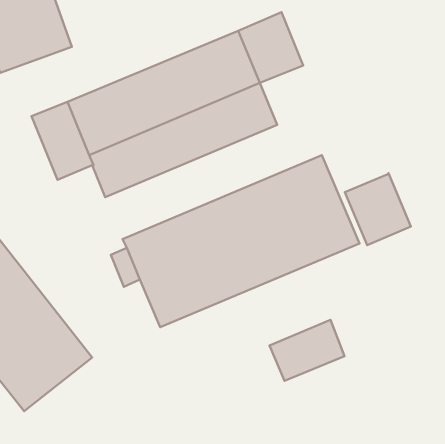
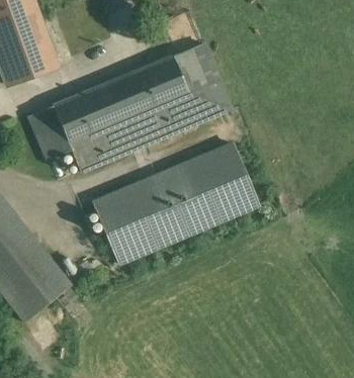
building: none -> [188,80,231,121]
building: [345,173,411,245] -> none
building: [269,320,344,381] -> none

